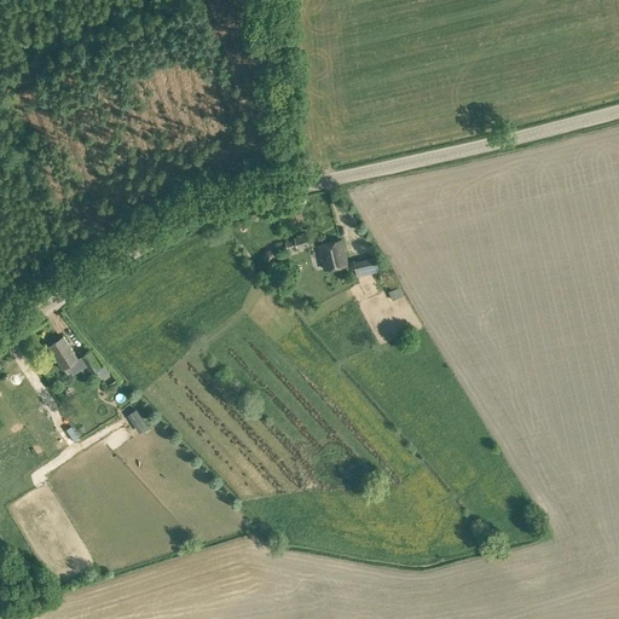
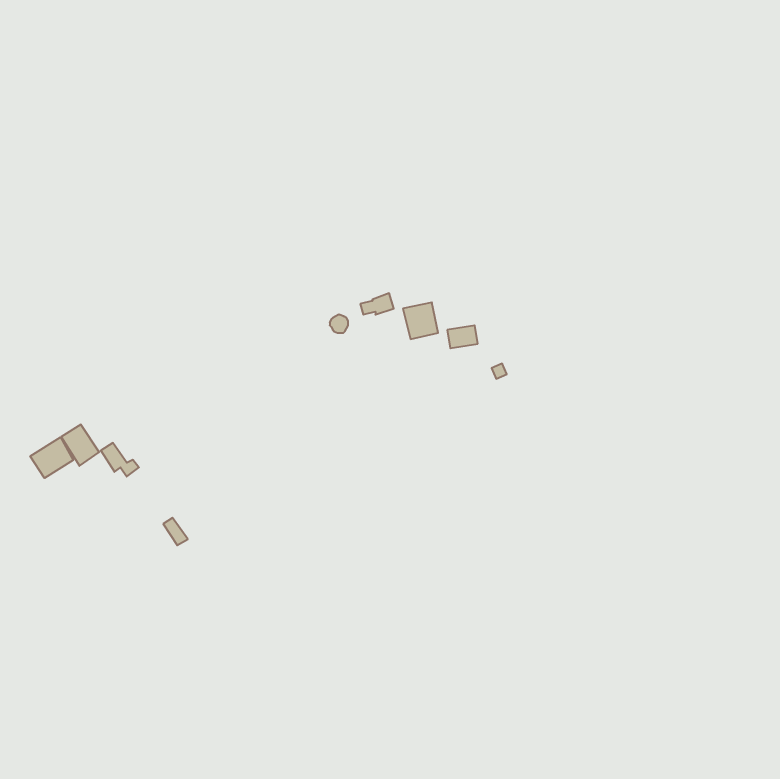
building: none -> [30,437,73,478]

